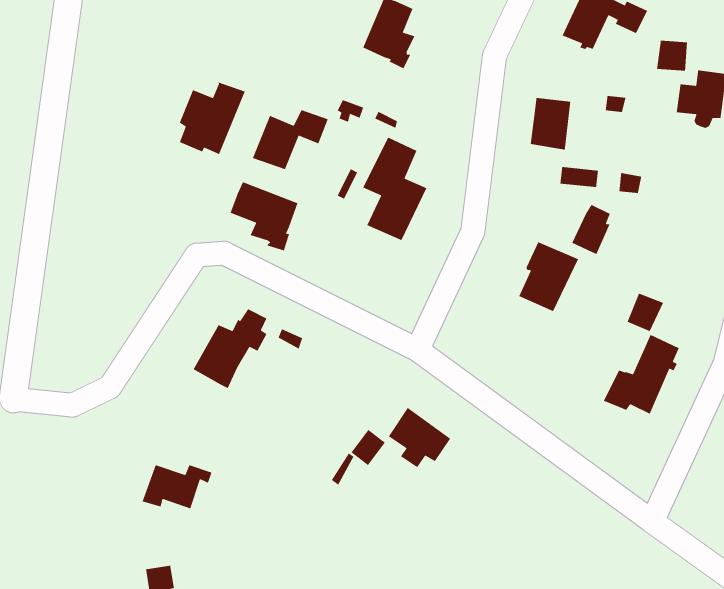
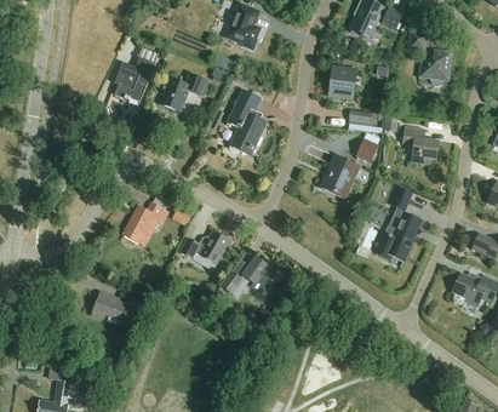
building: [229,181,299,251] -> none
building: none -> [402,126,439,165]
building: none -> [179,231,229,264]

